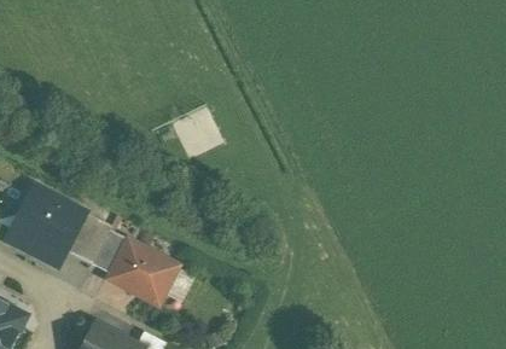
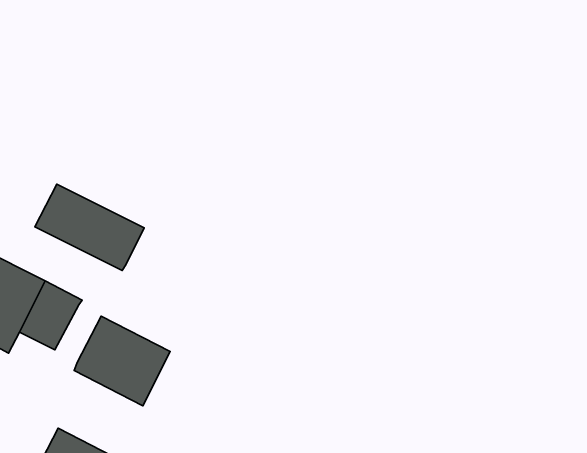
building: none -> [35,184,144,271]
building: [92,231,127,274] -> none

